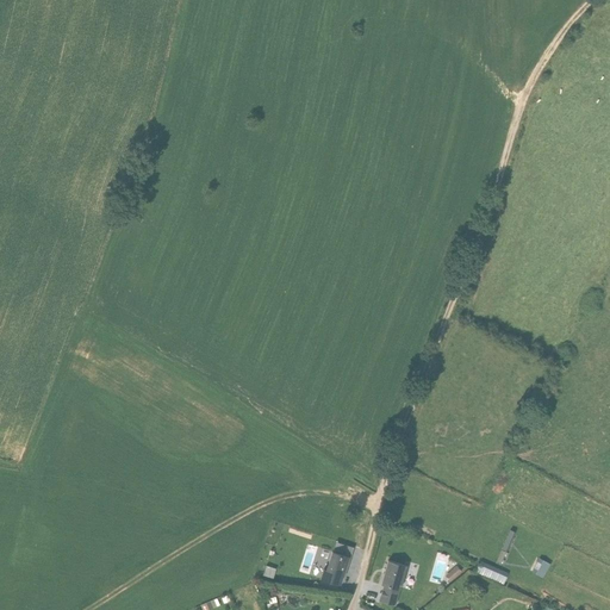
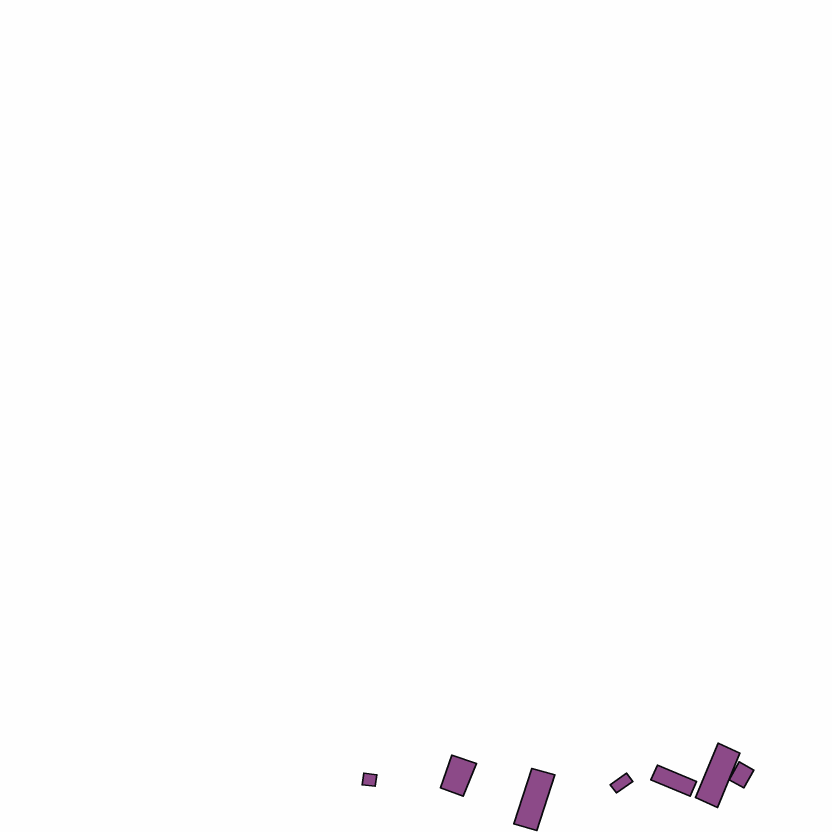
building: none -> [695,743,740,808]

